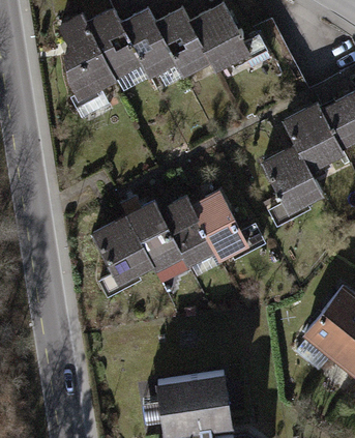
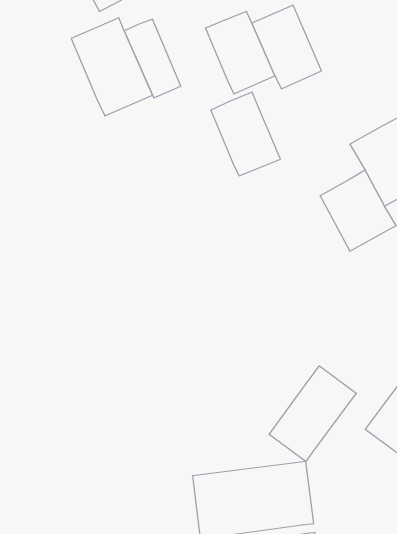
building: [129,12,185,80] -> [211,92,280,176]
building: [91,187,250,283] -> none
building: none -> [269,366,356,461]

